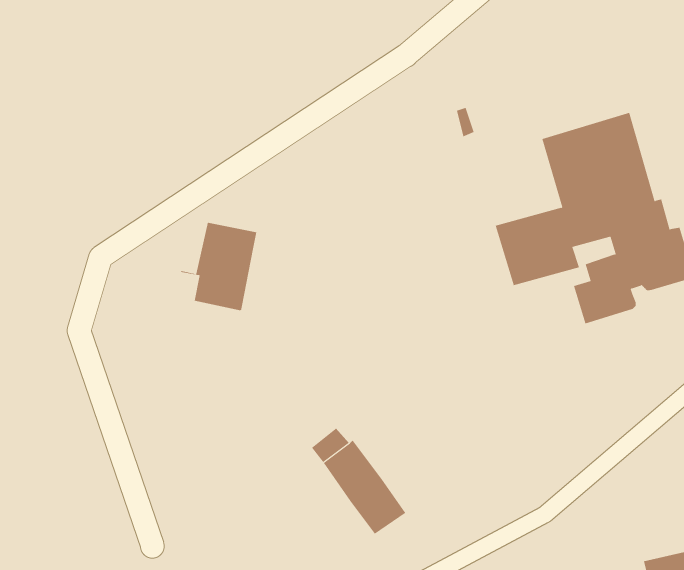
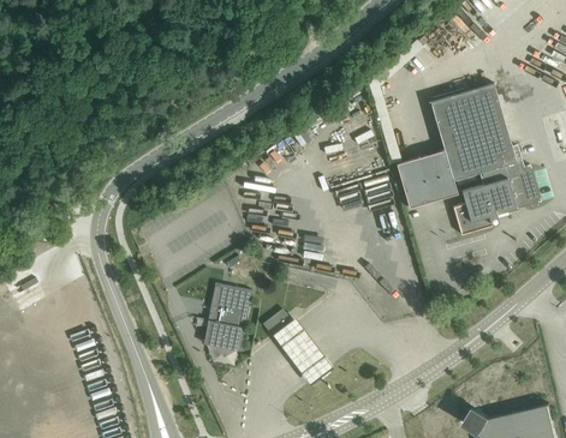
building: [180,222,257,317] -> [196,284,251,353]

